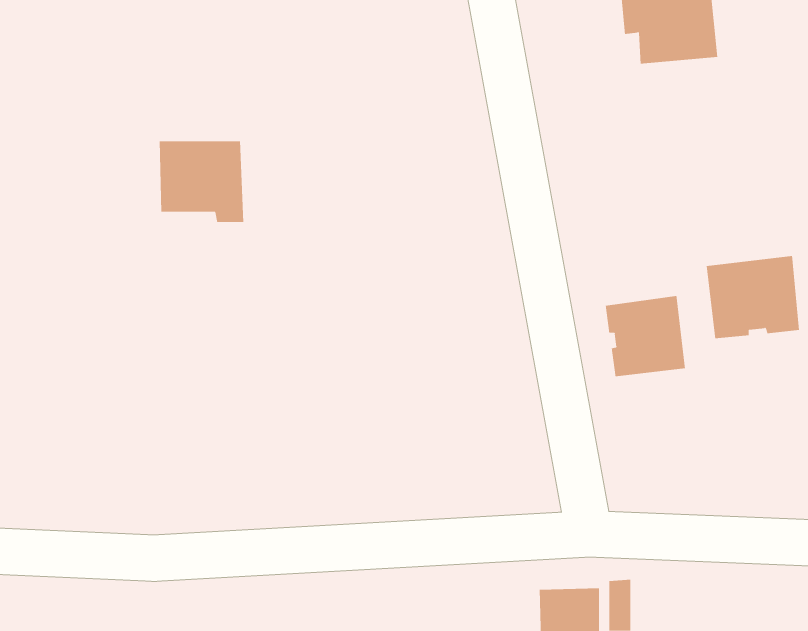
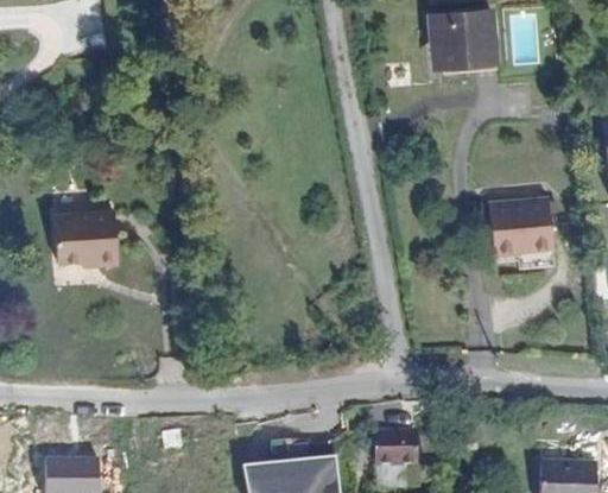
building: [159,141,244,223] -> [66,215,125,271]
building: [605,295,685,377] -> none

